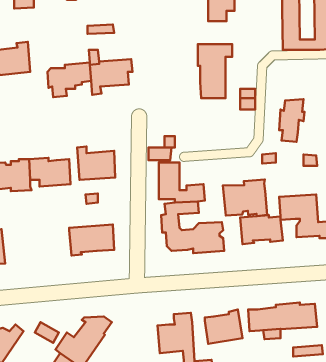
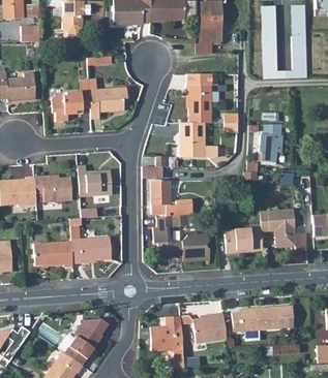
building: none -> [179,122,217,157]
building: [223,179,267,216] -> none
building: none -> [33,241,72,266]

